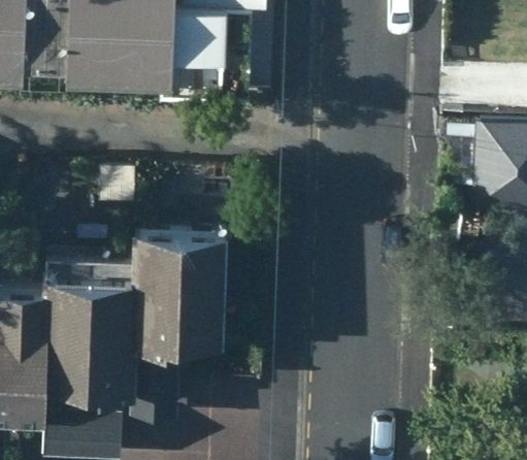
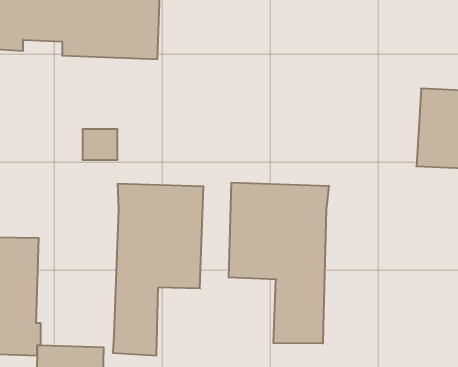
building: none -> [229,183,329,344]
building: [41,260,133,401] -> none

